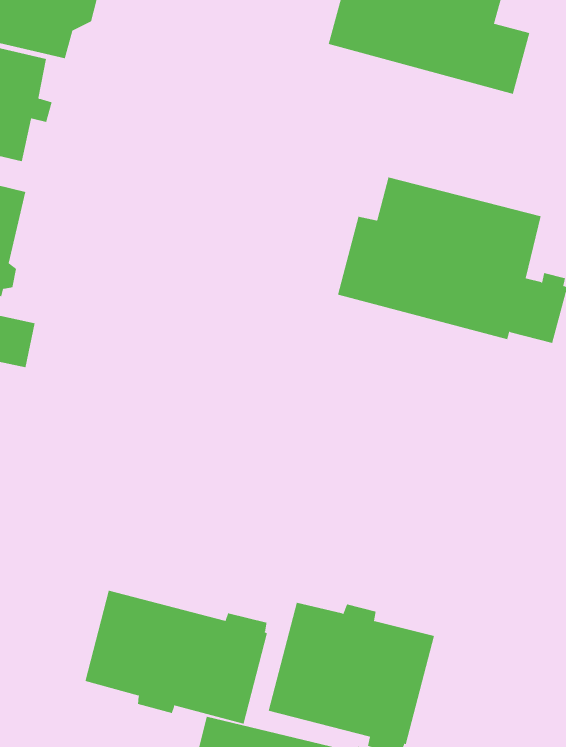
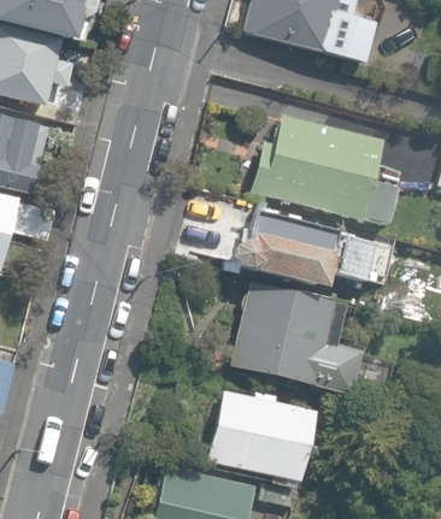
building: none -> [234,201,377,287]
building: none -> [231,283,361,394]
building: [85,590,267,724] -> none

